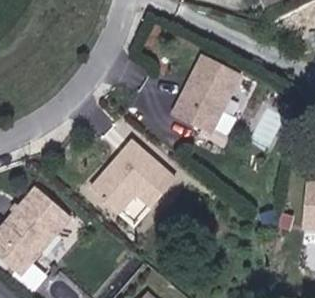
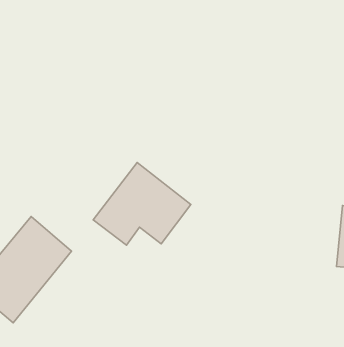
building: [174,51,244,131] -> none

